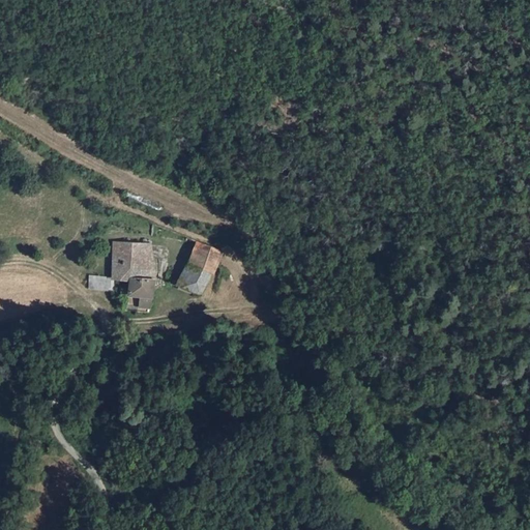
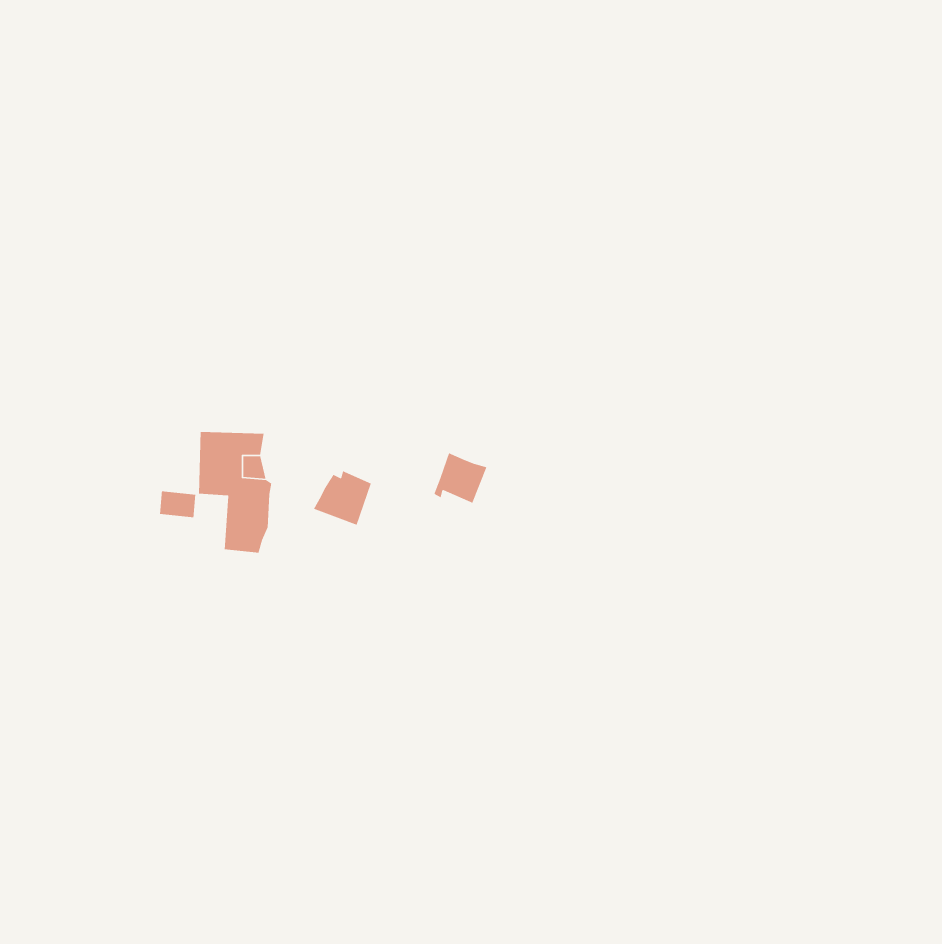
building: [188,241,218,270] -> [434,452,487,504]

